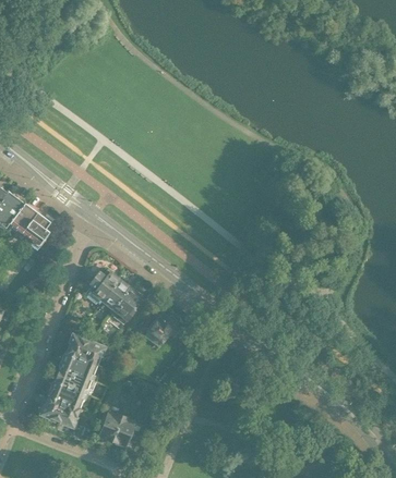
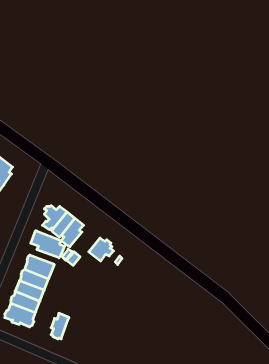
building: none -> [31,231,65,258]
building: [111,416,141,448] -> none

